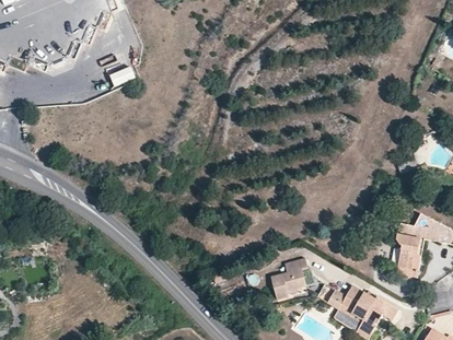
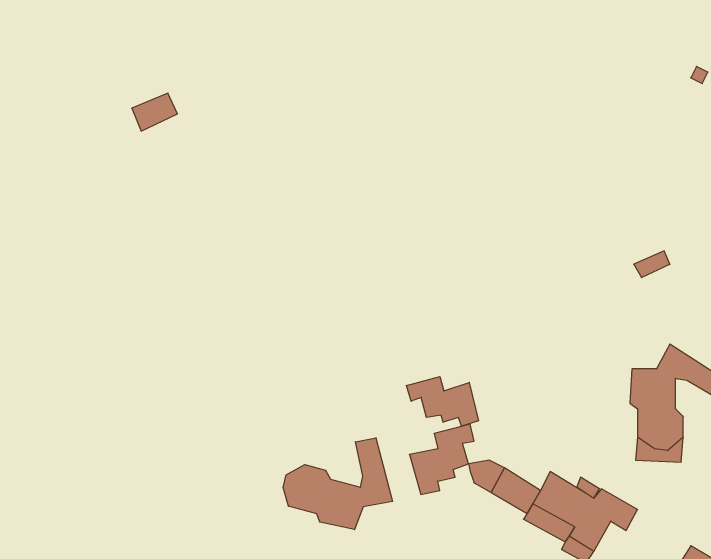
building: none -> [406,377,478,426]
building: none -> [283,438,393,530]

